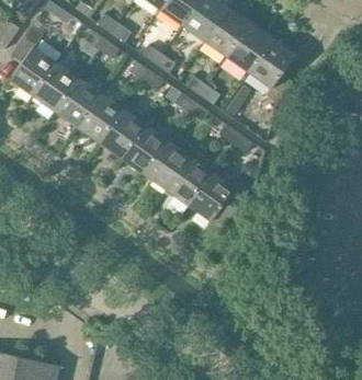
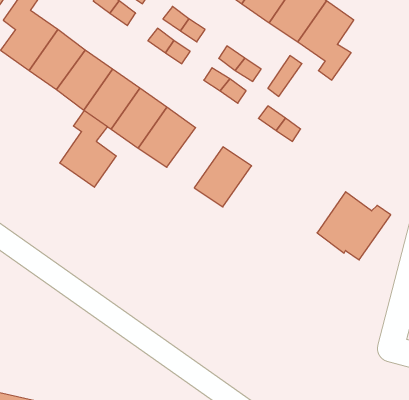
building: none -> [60,111,116,187]
building: [145,141,190,189] -> none
building: [190,172,249,227] -> [317,192,391,260]

